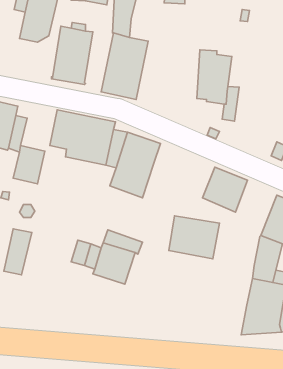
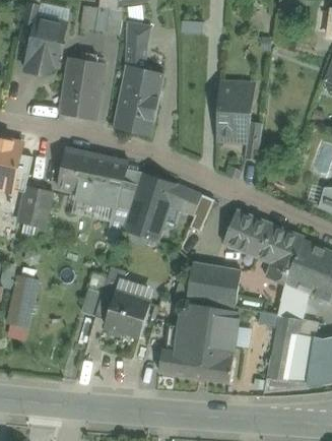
building: none -> [170,184,214,220]
building: none -> [258,224,304,285]
building: none -> [158,302,237,383]

